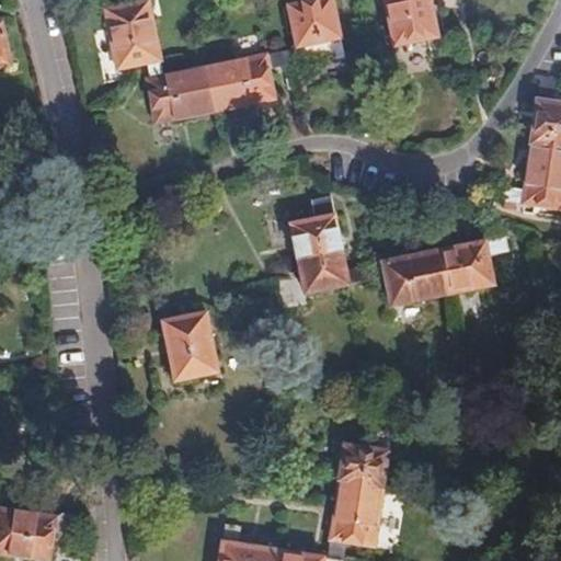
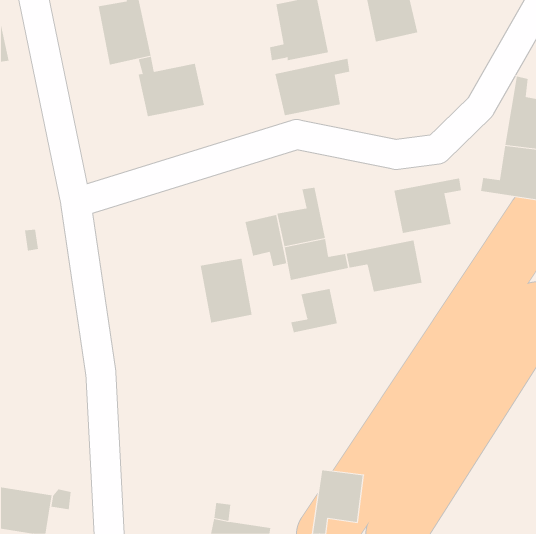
building: [205,49,284,110] -> [275,58,350,116]
building: none -> [245,214,287,267]
building: [433,237,504,295] -> [394,178,462,234]
building: none -> [291,288,338,333]
building: [162,311,217,379] -> [200,258,253,323]
building: [336,430,390,495] -> none

